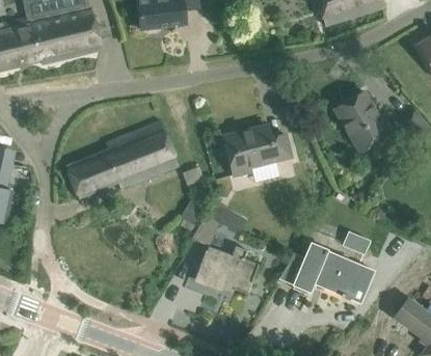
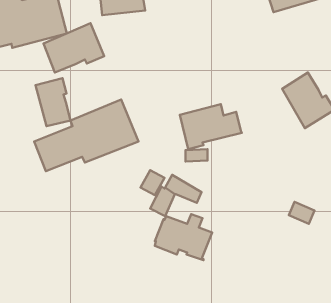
building: none -> [43,23,104,73]
building: none -> [35,78,71,126]
building: [278,242,373,302] -> none

